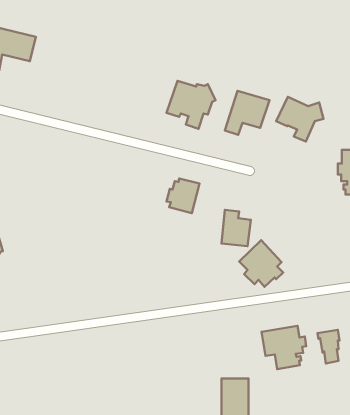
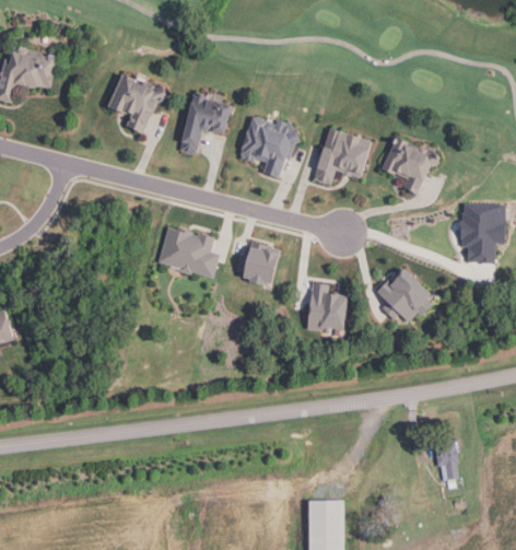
building: none -> [108,74,168,134]
building: none -> [180,93,231,154]
building: none -> [157,227,220,279]
building: [239,240,283,287] -> [375,265,432,325]
building: [261,326,306,369] -> none

